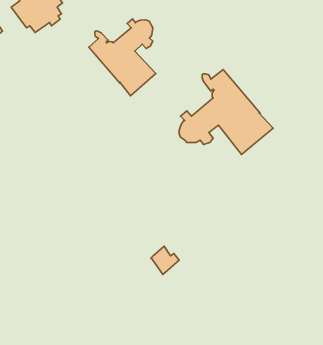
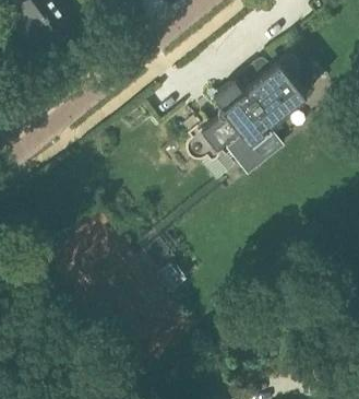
building: [89,19,156,96] -> none
building: none -> [230,57,308,130]

